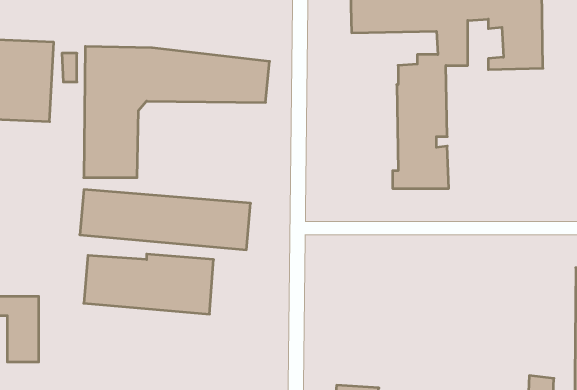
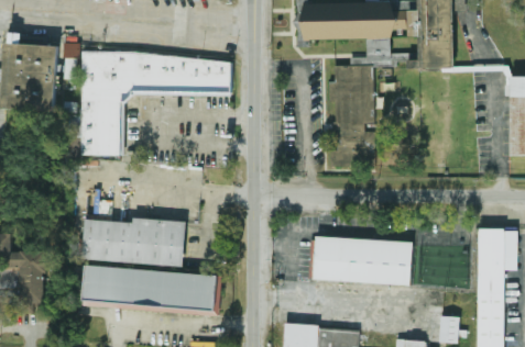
building: [80,190,251,250] -> [83,265,220,313]
building: none -> [311,236,413,284]

